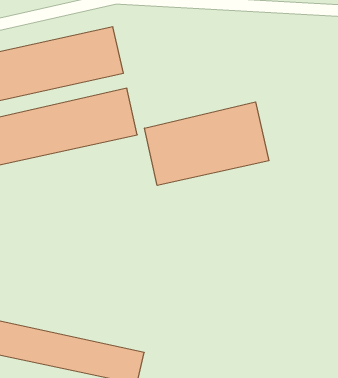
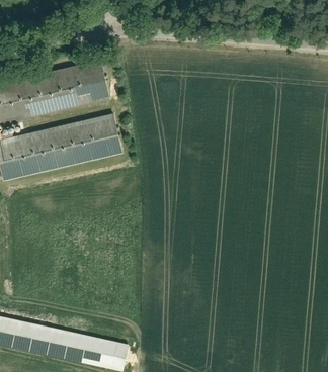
building: [145,102,269,185] -> none

